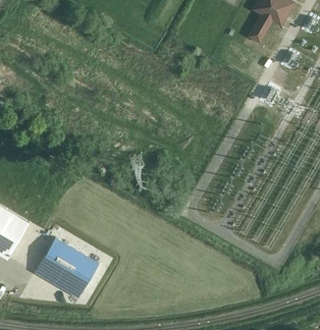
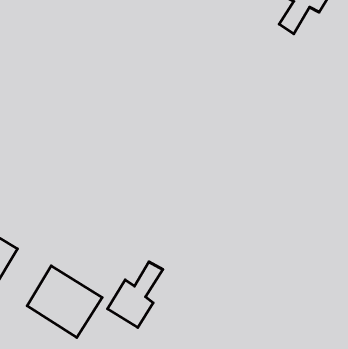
building: none -> [107,262,163,328]

